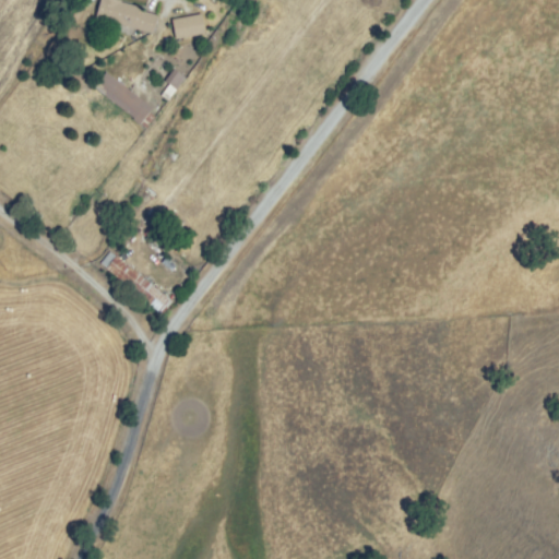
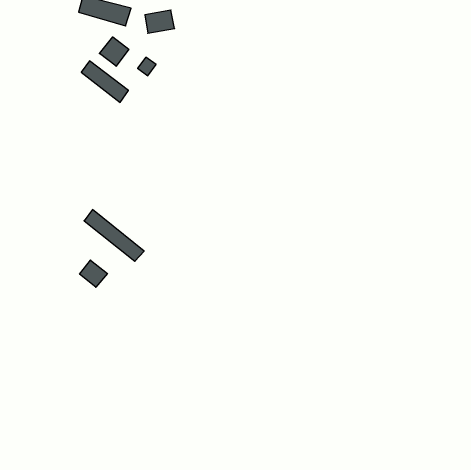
building: none -> [99,37,129,66]
building: none -> [80,260,107,287]

